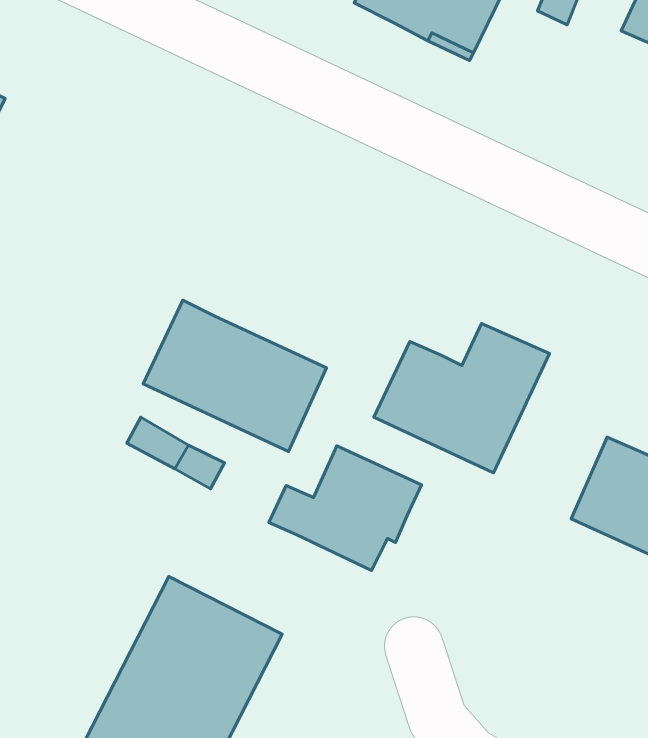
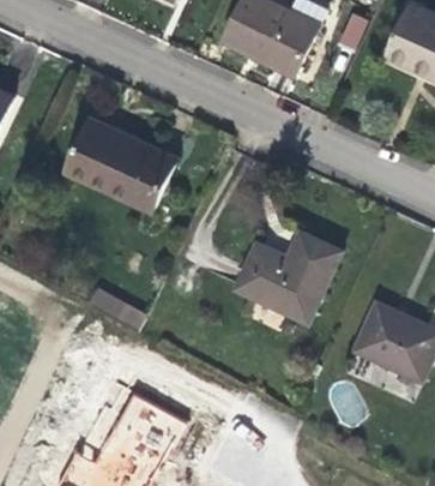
building: [143,300,326,452] -> [65,119,175,210]
building: [269,446,422,570] -> none

